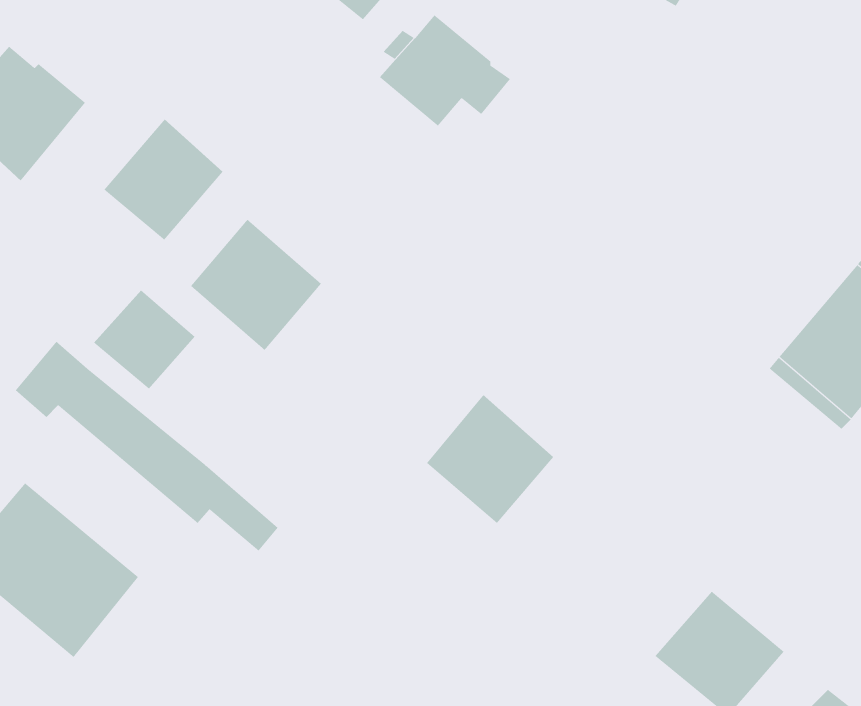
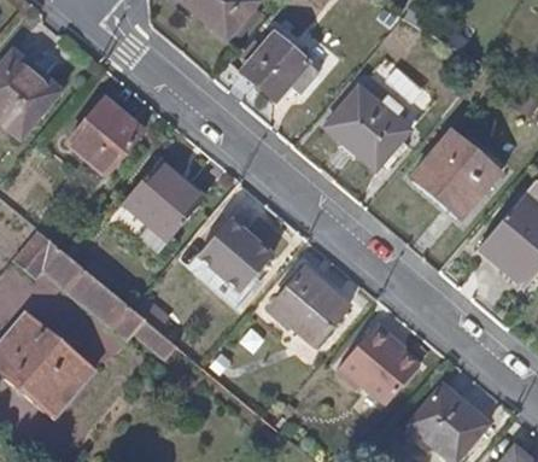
building: none -> [326,87,409,168]
building: none -> [411,130,497,216]
building: [93,289,195,389] -> none
building: none -> [200,223,274,297]
building: none -> [340,326,419,409]

